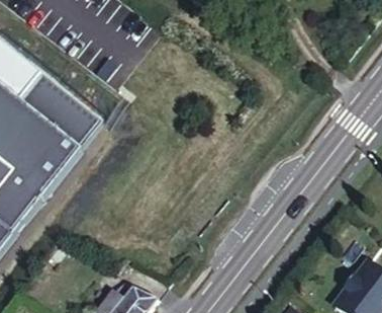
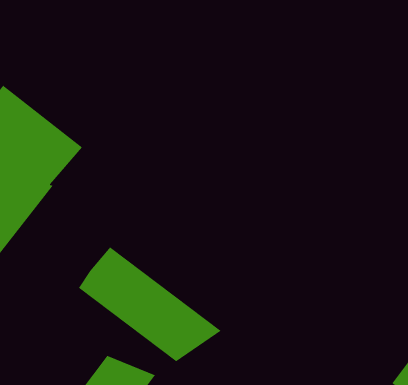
building: none -> [78,247,222,362]

